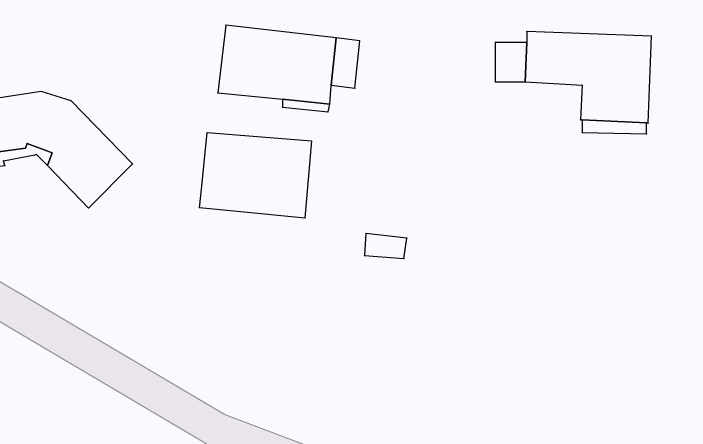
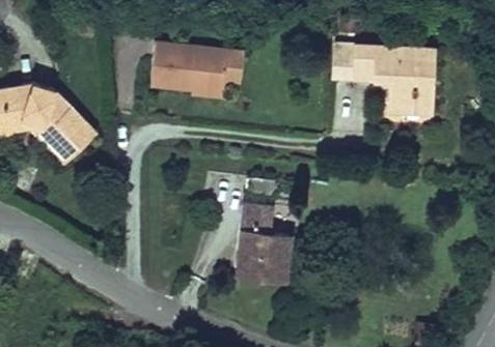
building: [199,133,311,218] -> none
building: none -> [237,206,290,280]

